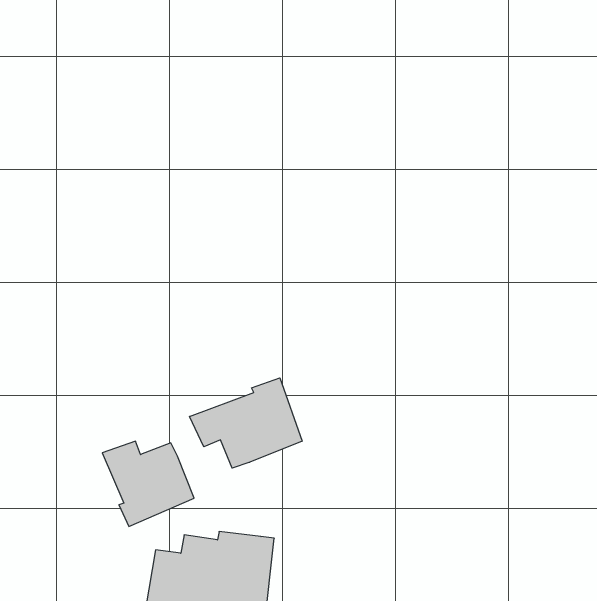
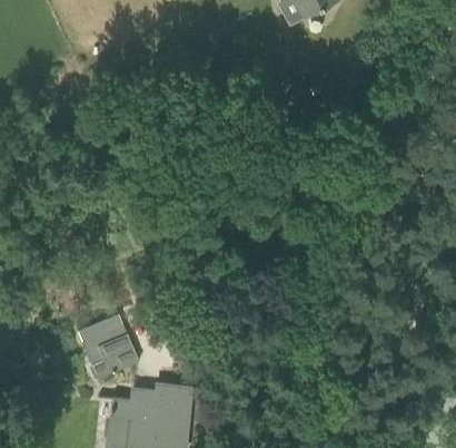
building: [190,378,302,468] -> none

